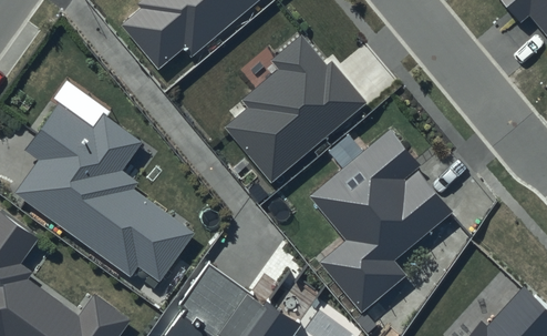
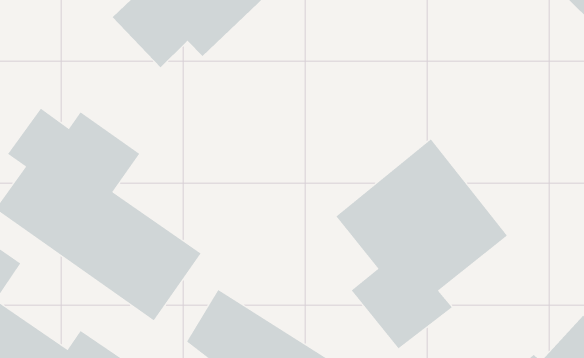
building: [218,33,362,183] -> none

